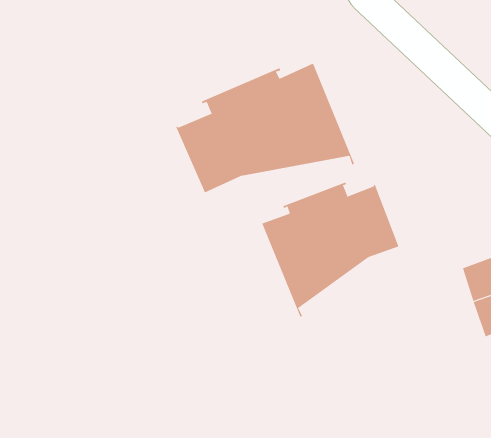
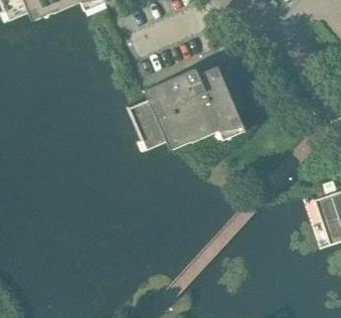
building: [262,182,399,317] -> none

